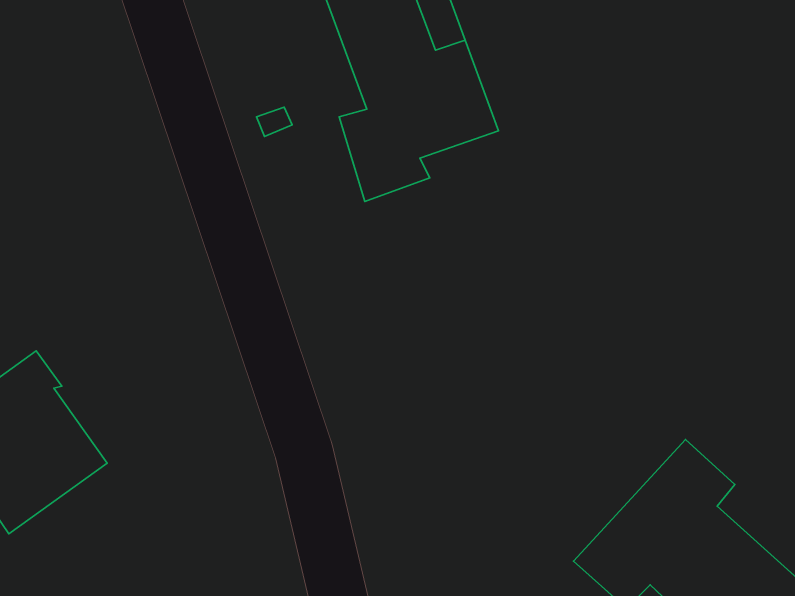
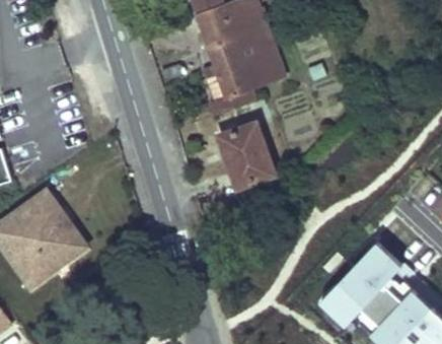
building: none -> [218,125,274,190]

